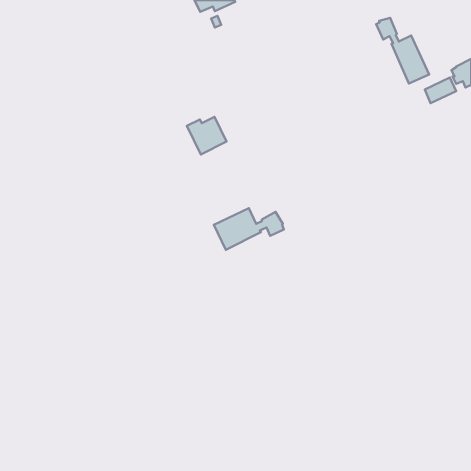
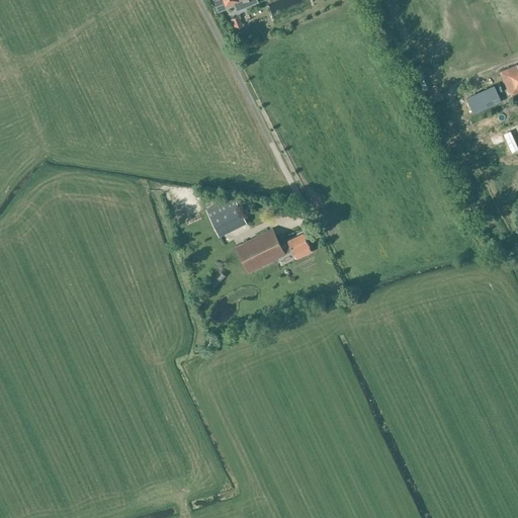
building: [376,18,429,83] -> none
building: [187,117,227,155] -> [204,195,248,237]

